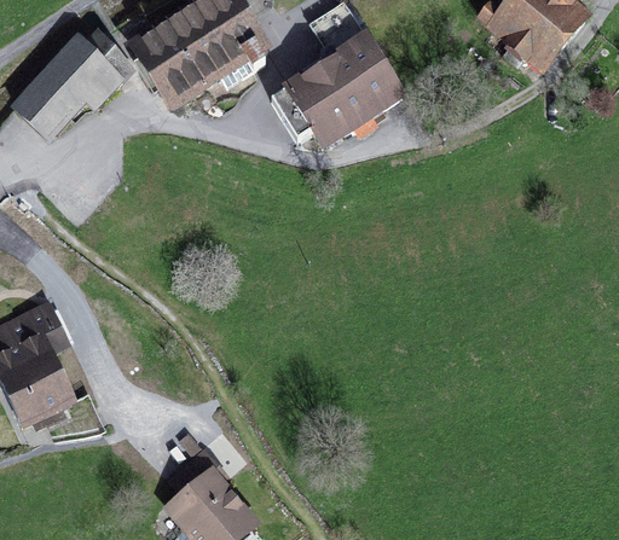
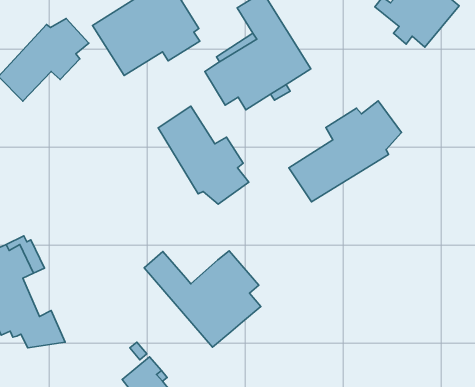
building: none -> [289,101,401,202]
building: none -> [158,106,249,204]
building: none -> [144,251,261,347]

